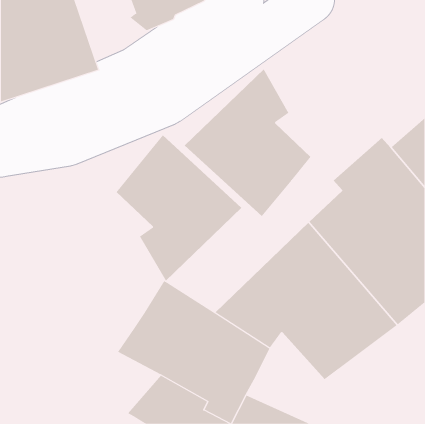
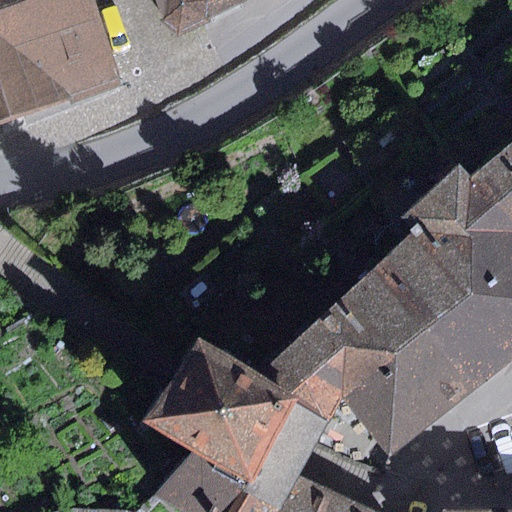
building: [184,68,311,217] -> none
building: [116,134,242,281] -> none

